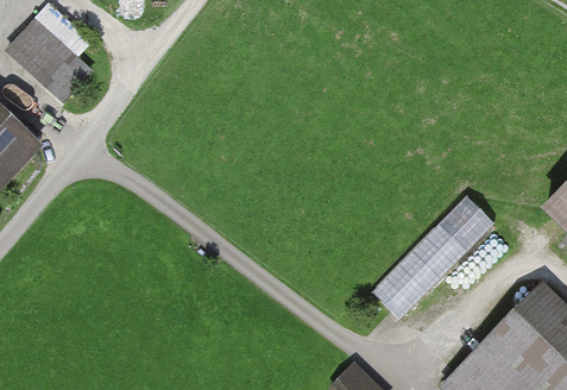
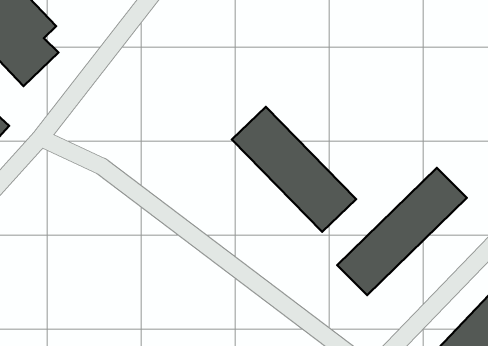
building: none -> [232,107,356,232]

